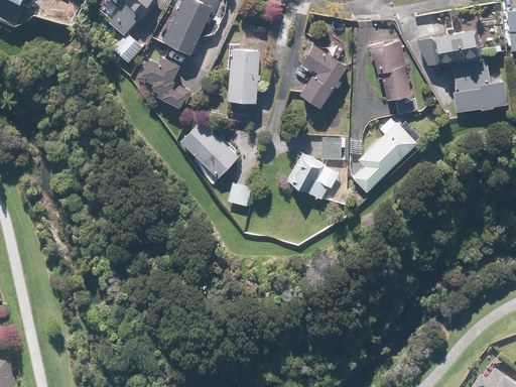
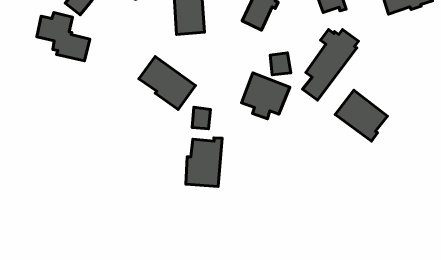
building: [137,56,194,113] -> [37,13,90,61]
building: none -> [335,90,388,141]
building: none -> [186,138,222,186]

